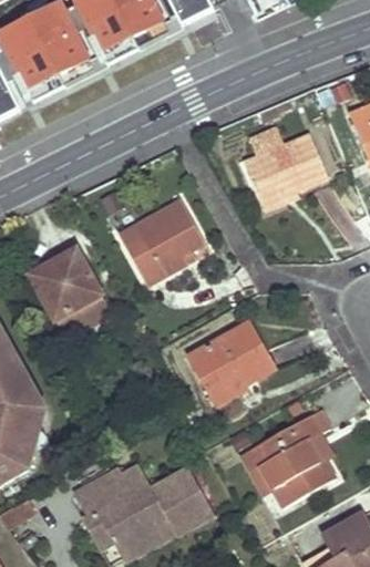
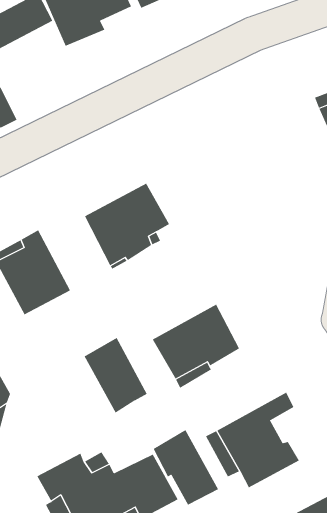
building: [244,133,327,208] -> none
building: none -> [84,337,148,413]
building: none -> [153,429,219,505]

